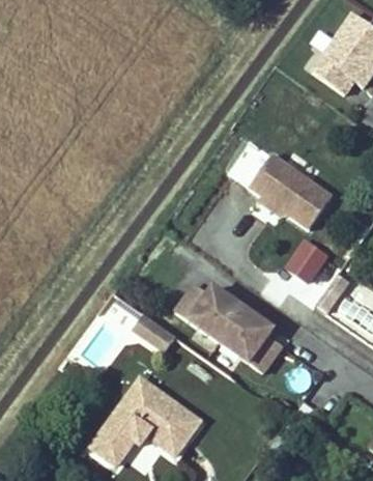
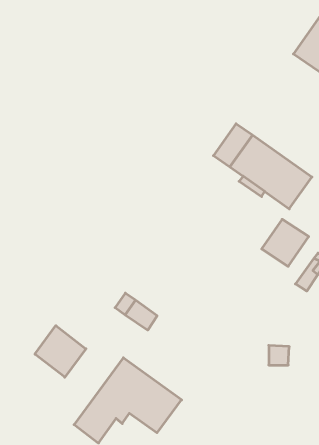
building: [176,284,283,372] -> none
building: none -> [35,326,86,377]

